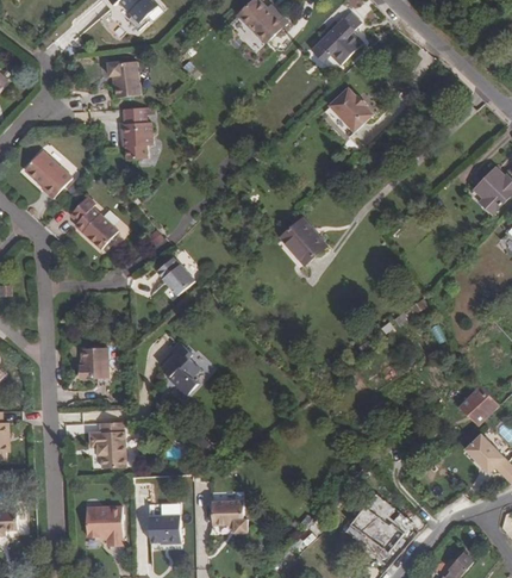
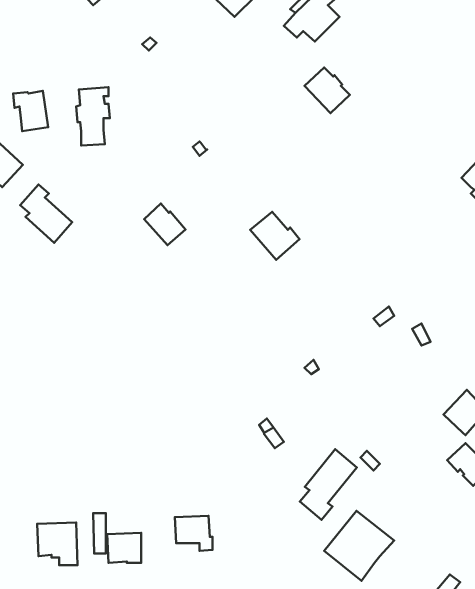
building: [107,61,139,98] -> [13,91,48,131]
building: [156,256,194,294] -> [144,204,186,245]
building: [158,340,199,394] -> none
building: [81,347,108,379] -> none
building: [89,421,125,467] -> none
building: none -> [300,449,357,520]

